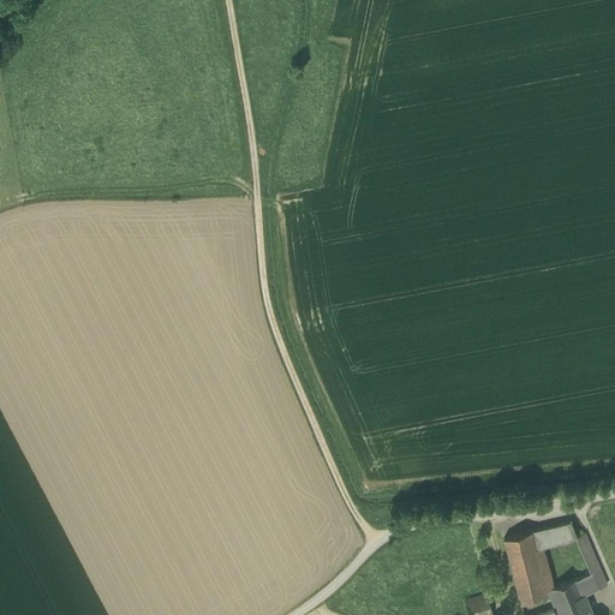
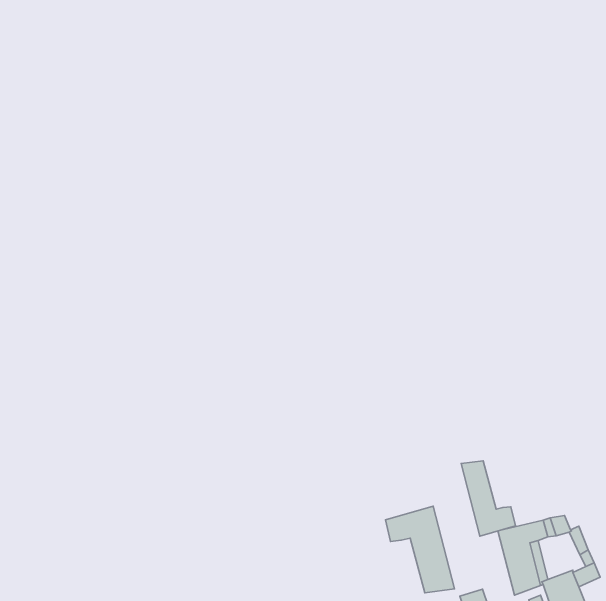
building: none -> [461,461,515,536]
building: none -> [385,506,454,593]

